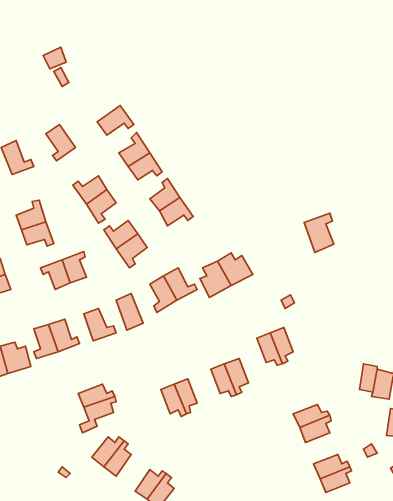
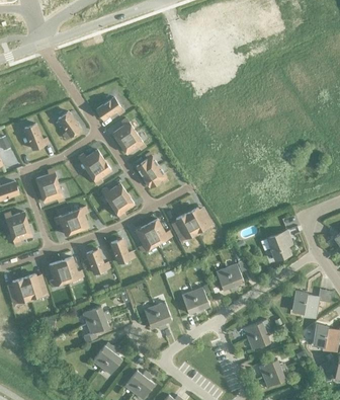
building: [304,213,334,252] -> [266,230,288,259]

